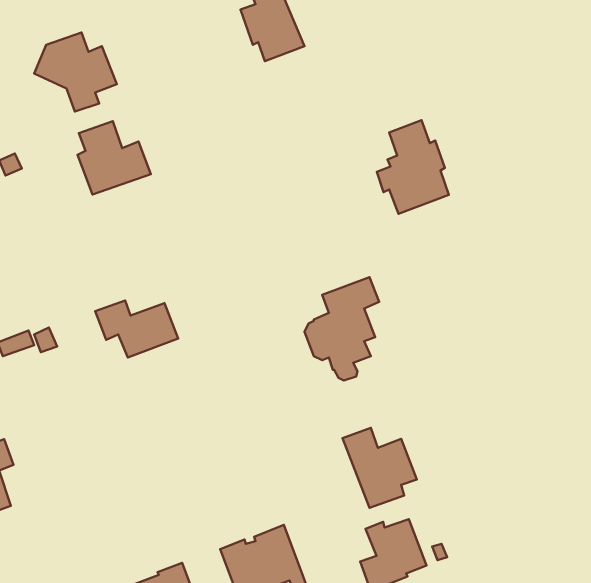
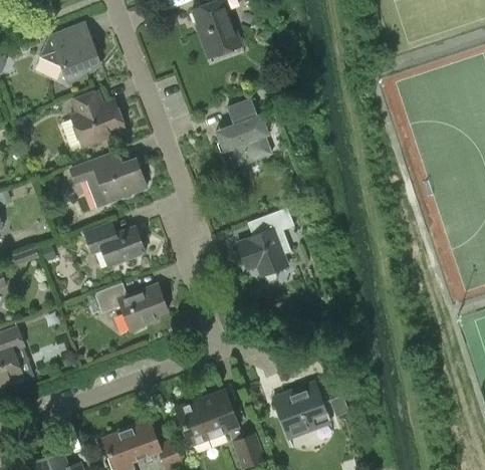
building: [377,120,449,214] -> [218,98,271,168]
building: none -> [69,154,147,206]
building: none -> [89,282,168,330]
building: [342,428,417,508] -> none

